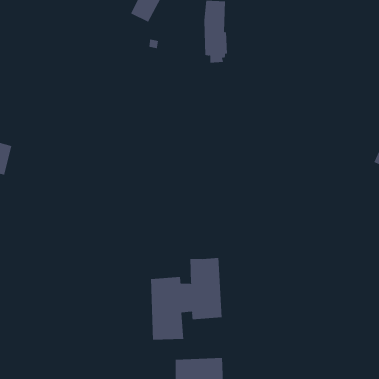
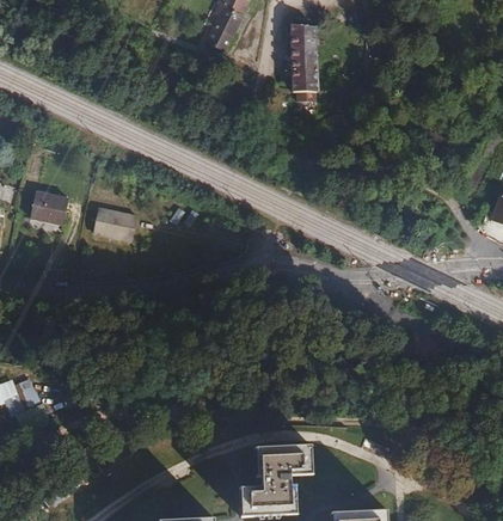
building: none -> [90,203,134,240]
building: [150,257,222,341] -> none

